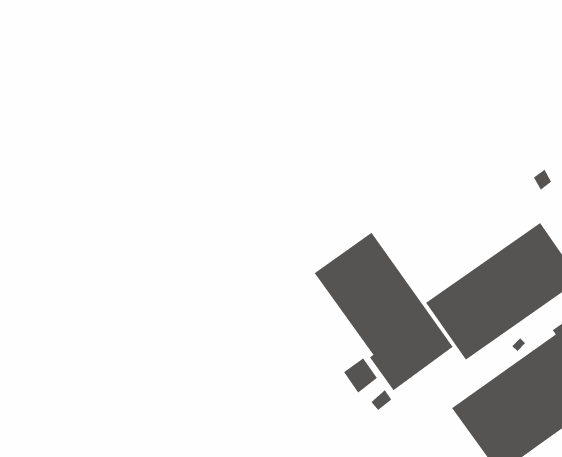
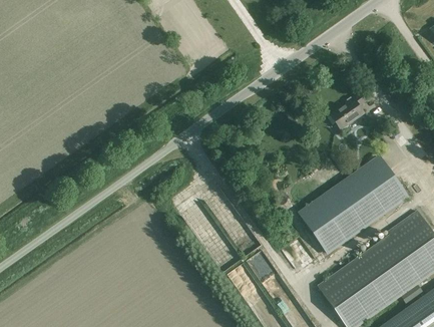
building: none -> [330,90,366,129]
building: [314,232,454,391] -> none

